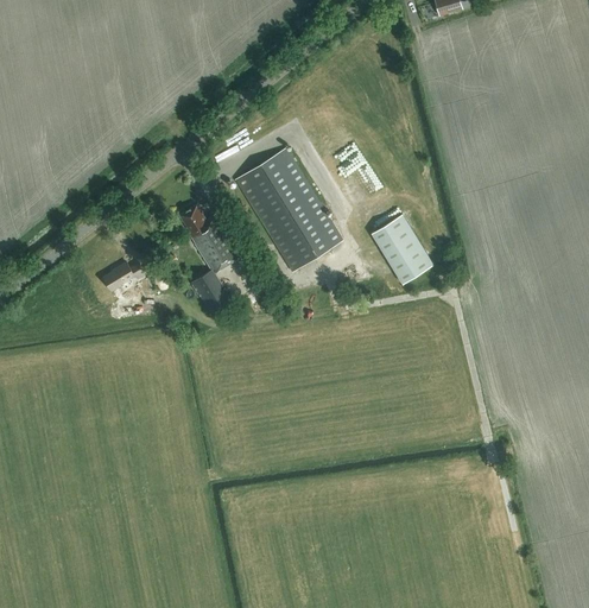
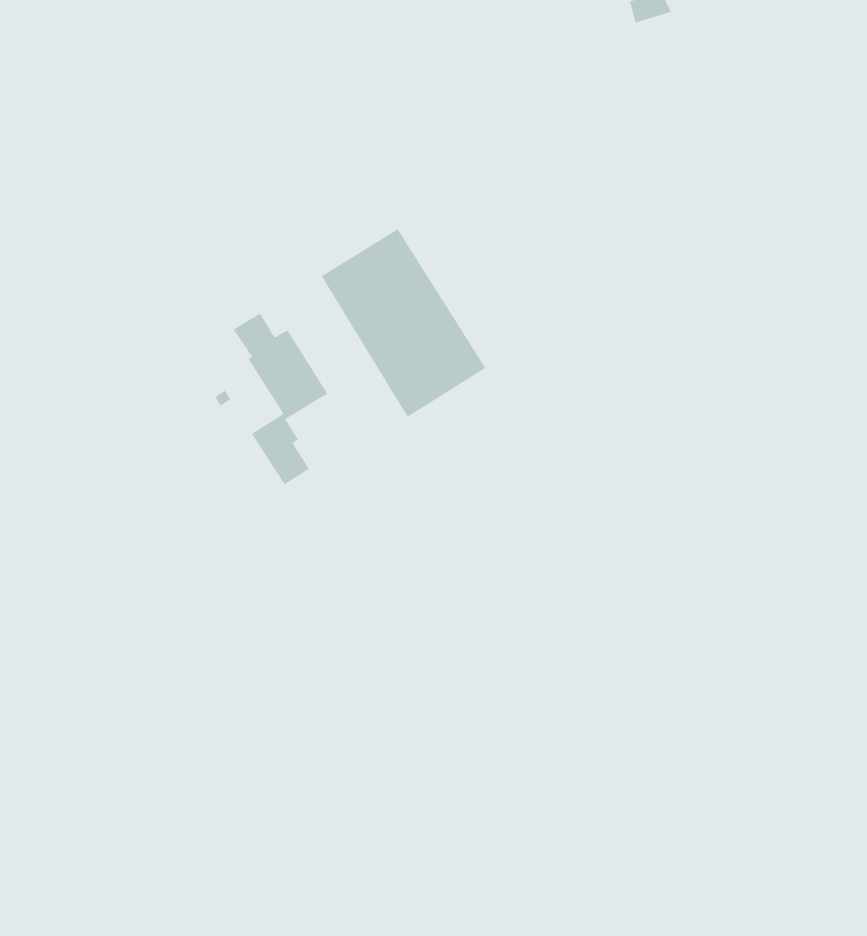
building: [370,214,432,283] -> none
building: [103,261,144,290] -> none

